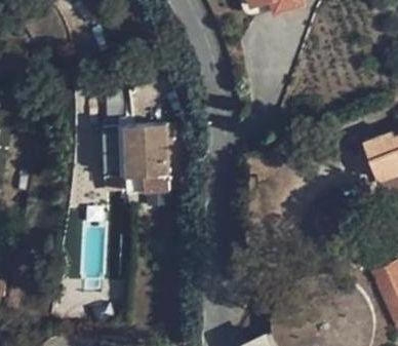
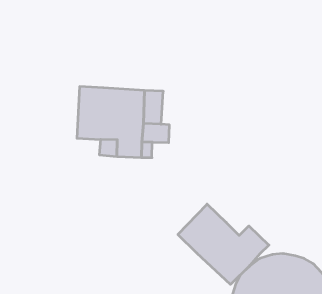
building: none -> [178,204,269,284]

